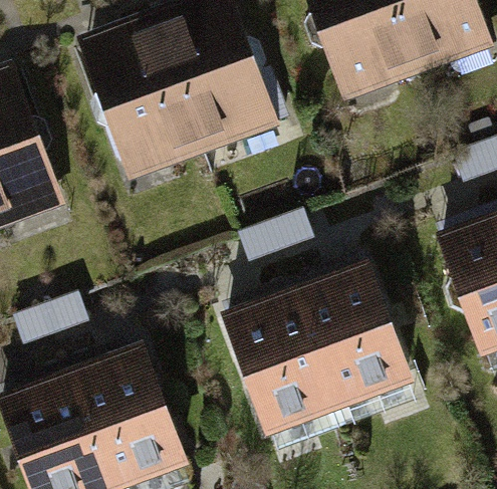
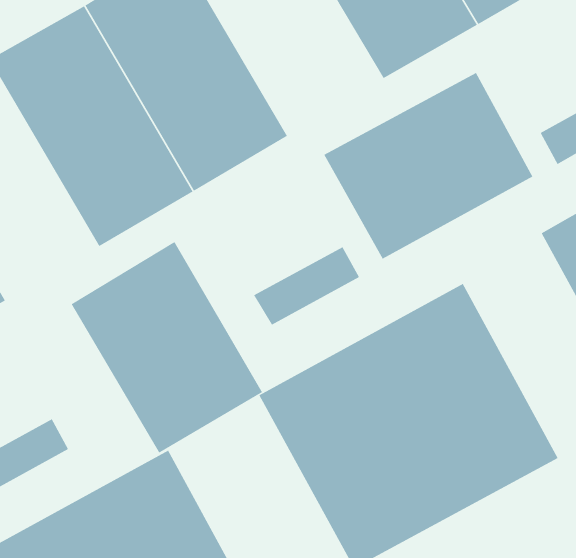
building: none -> [323,72,533,260]
building: none -> [71,241,263,454]

